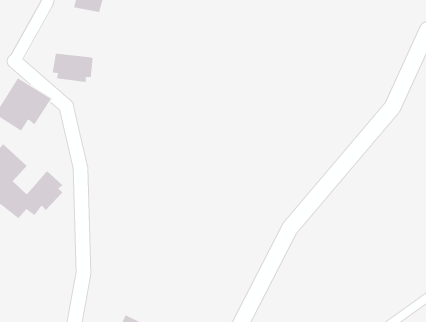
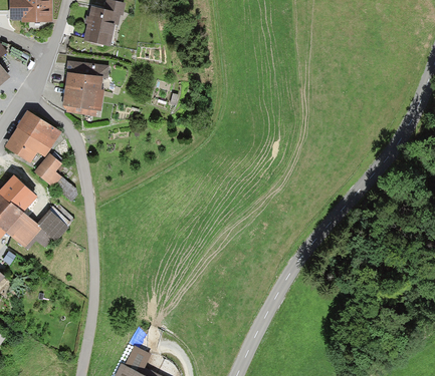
building: none -> [64,60,110,90]
building: none -> [34,153,62,186]

